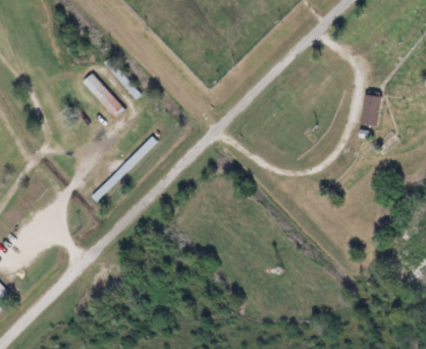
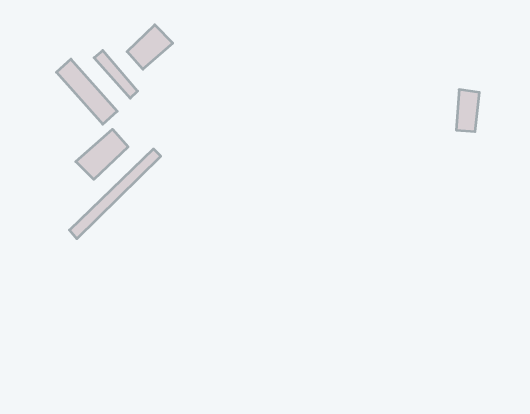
building: none -> [127,25,173,69]
building: none -> [76,129,128,179]

